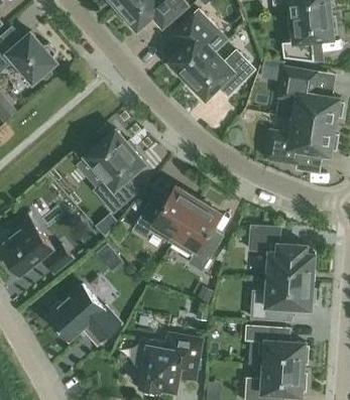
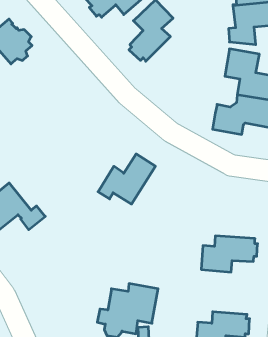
building: [188,52,254,99] -> none
building: [86,129,145,212] -> none
building: [171,201,221,271] -> none
building: [249,226,315,283] -> none
building: [47,285,121,343] -> none
building: [246,326,309,370] -> none

